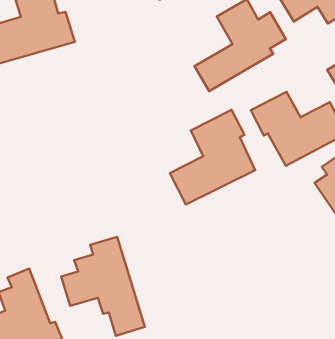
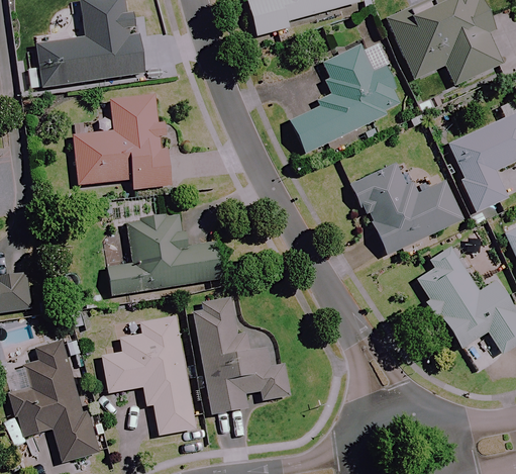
building: none -> [74,95,176,188]
building: [170,110,255,205] -> none
building: none -> [106,212,223,295]
building: none -> [191,296,290,413]

